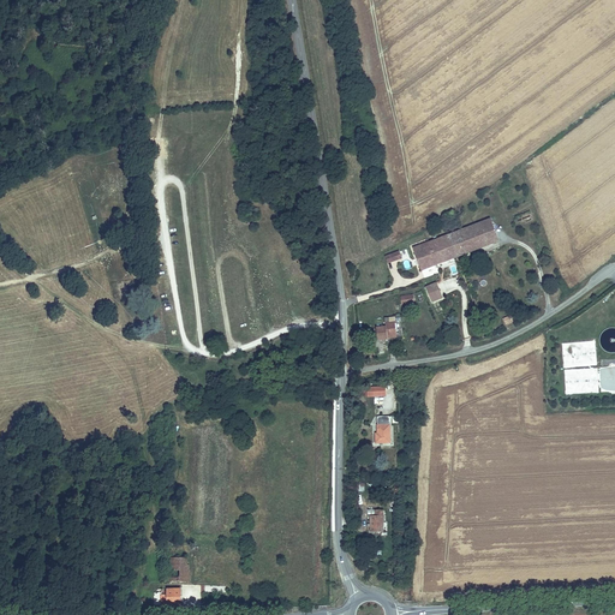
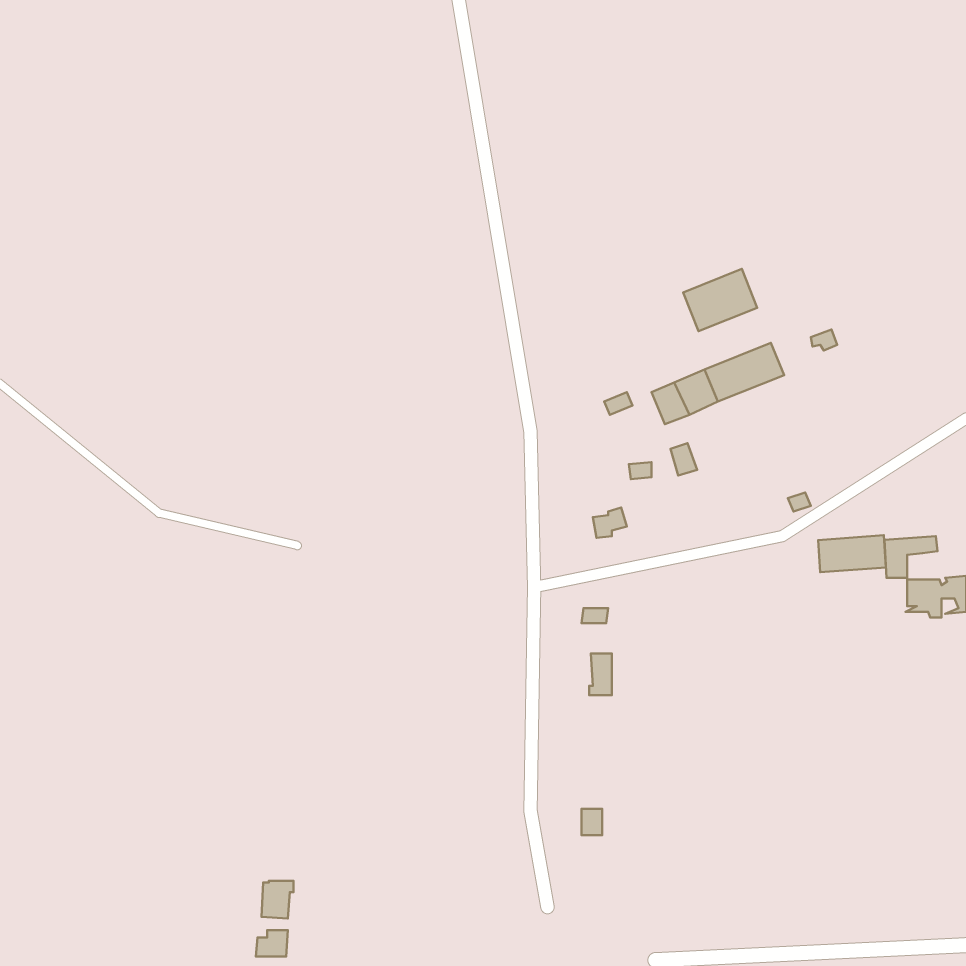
building: none -> [683,269,757,331]
building: none -> [818,535,886,572]

